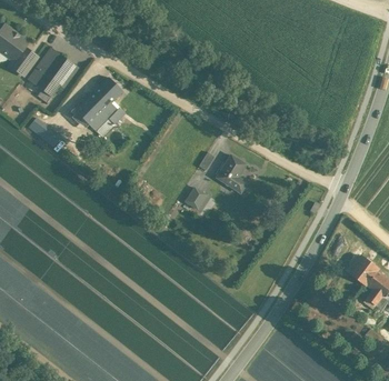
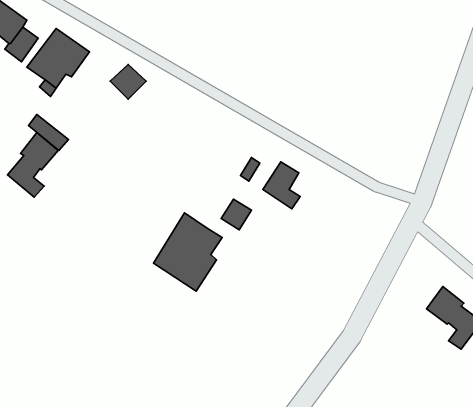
building: [77,91,118,131] -> none
building: none -> [7,133,58,197]
building: none -> [153,213,222,291]

